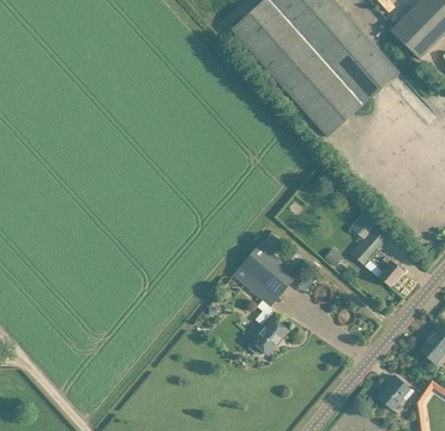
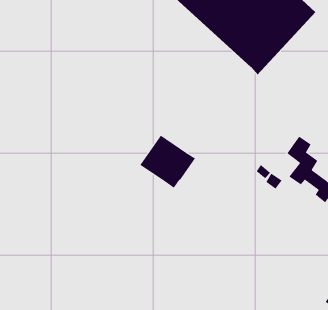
building: [234,244,297,305] -> [140,135,196,188]
building: [249,315,288,354] -> none

